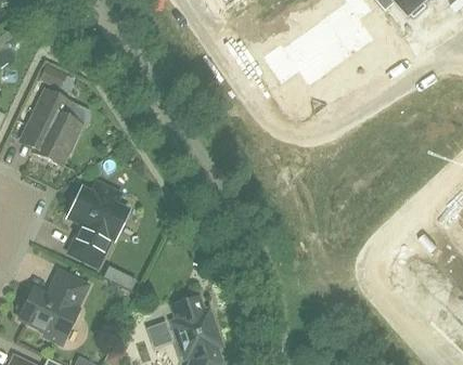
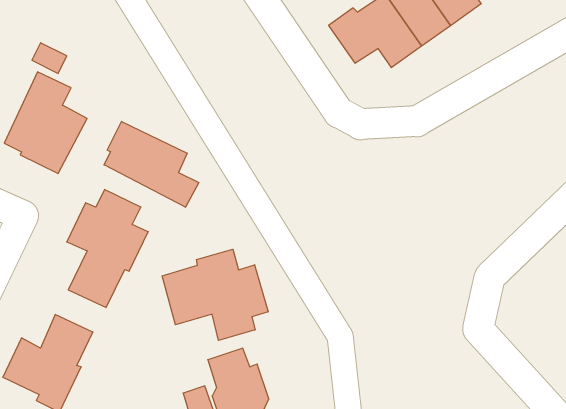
building: none -> [104,121,199,207]
building: none -> [162,249,268,340]

